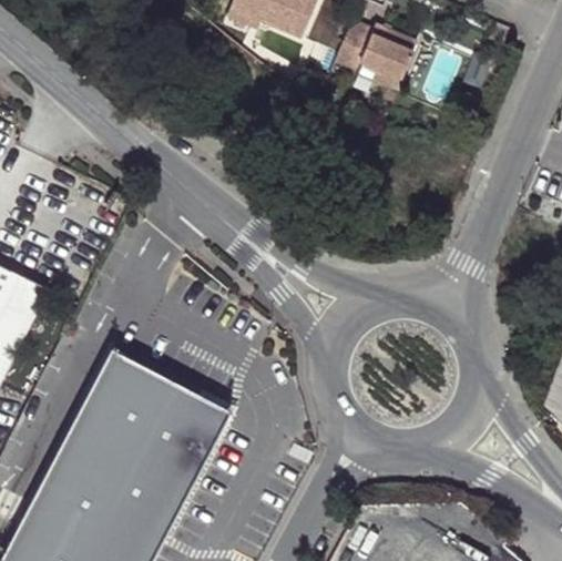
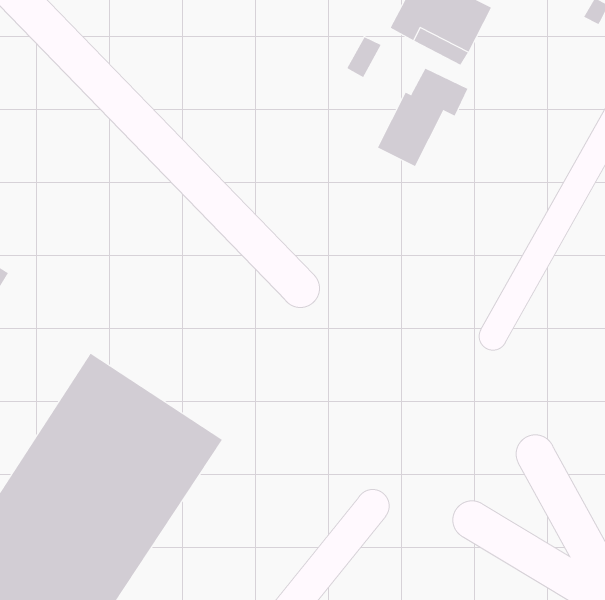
building: none -> [377,68,468,167]

